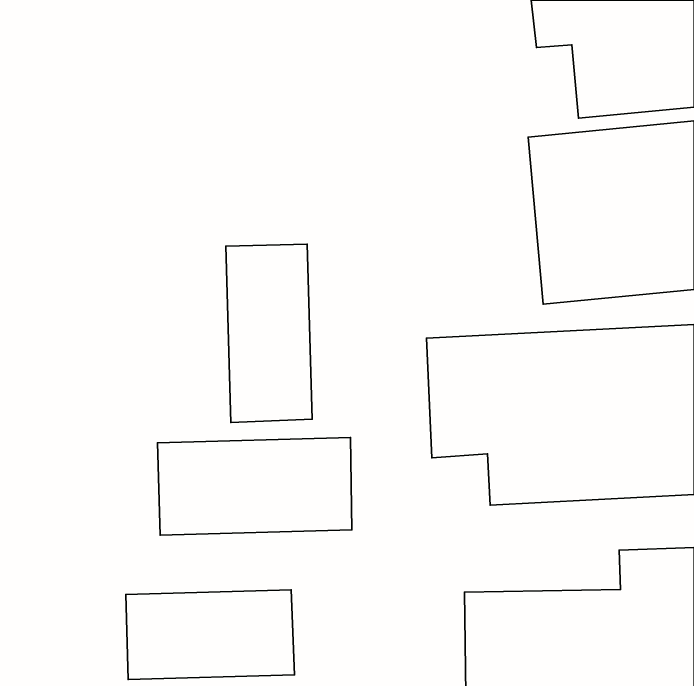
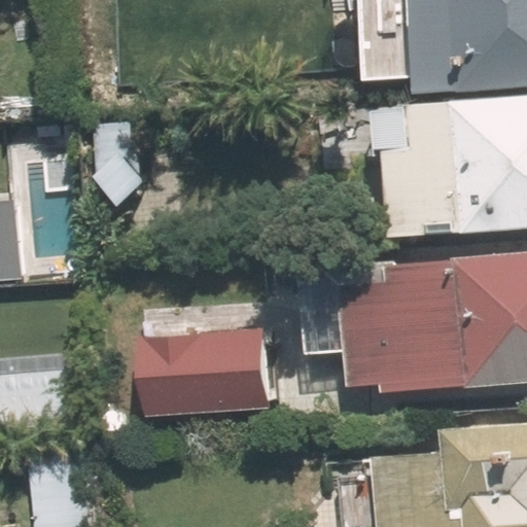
building: [226,244,312,423] -> none
building: [126,590,295,680] -> none

